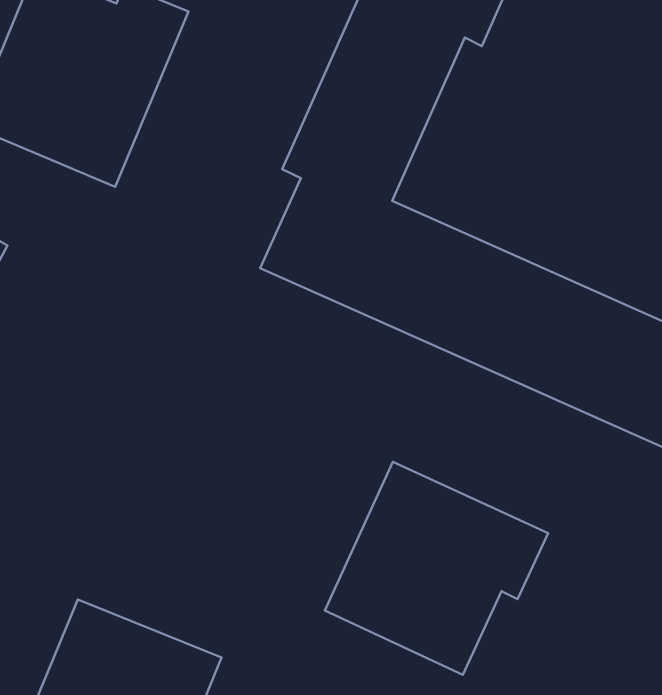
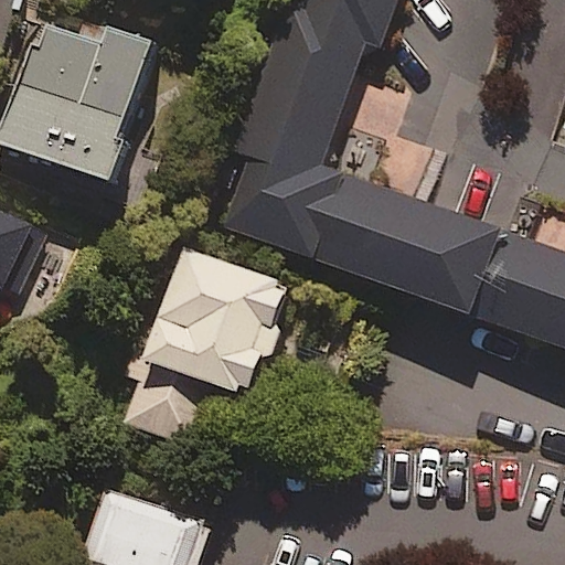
building: none -> [125,249,285,448]
building: [325,462,548,675] -> none

